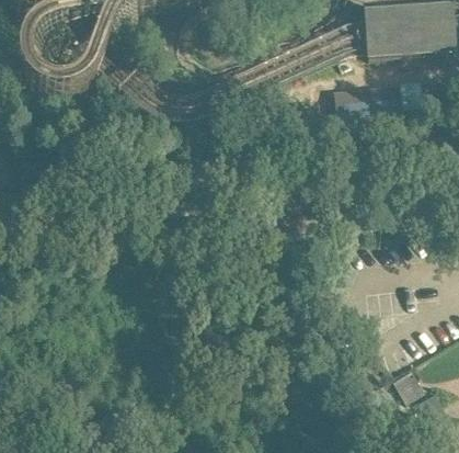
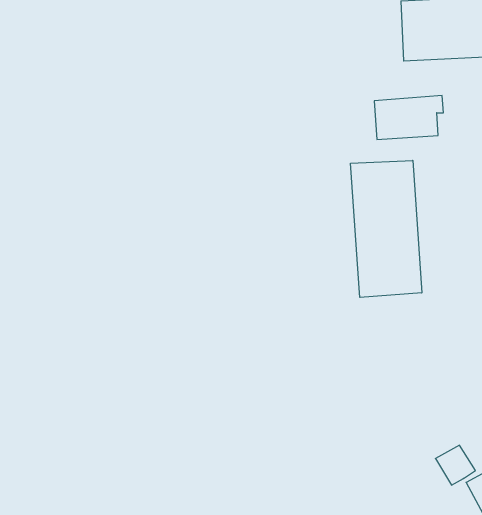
building: none -> [351,160,422,297]

